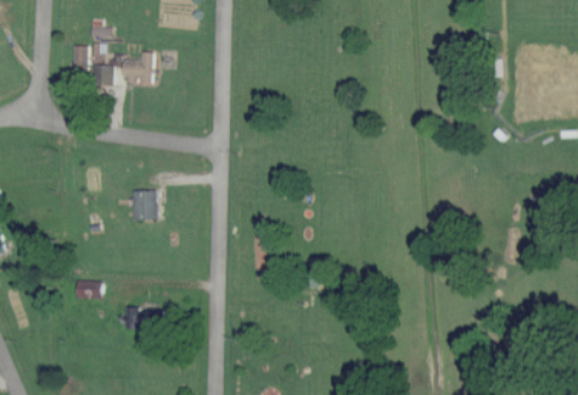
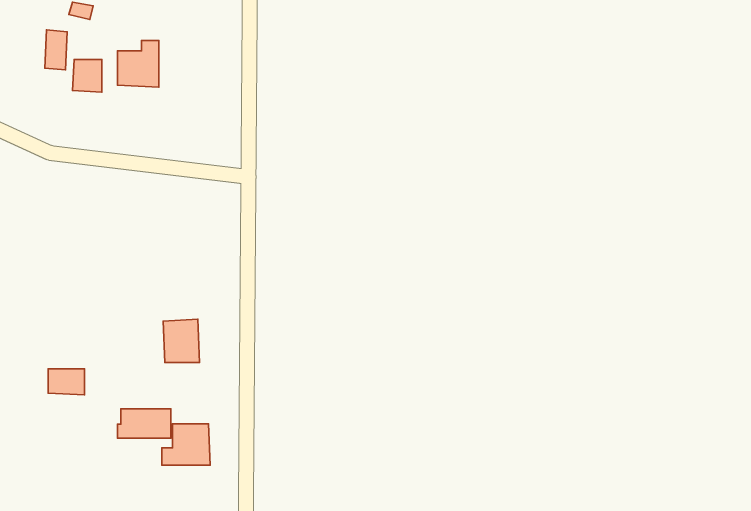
building: [131,189,157,219] -> [163,319,200,363]
building: none -> [162,424,210,465]

